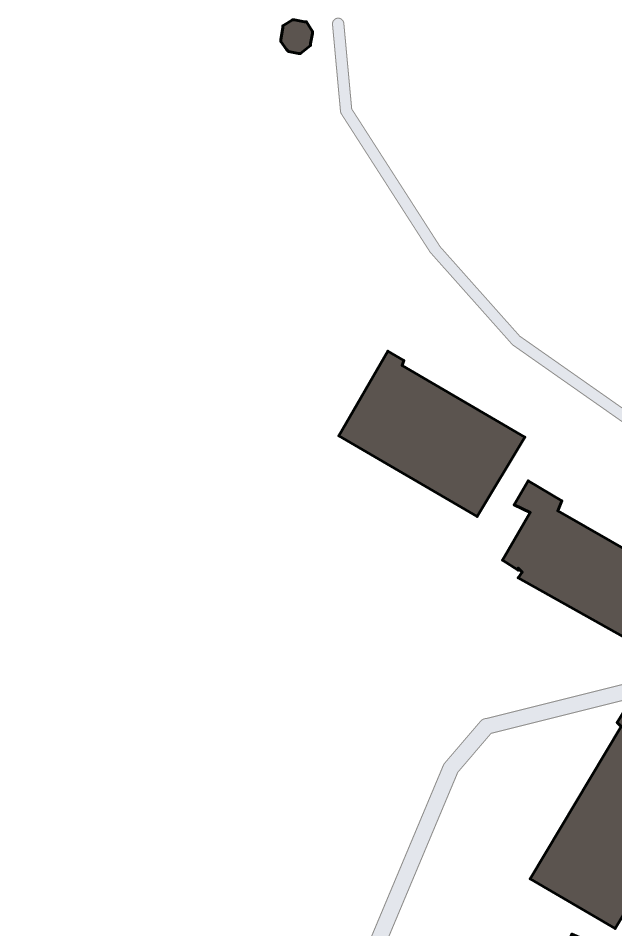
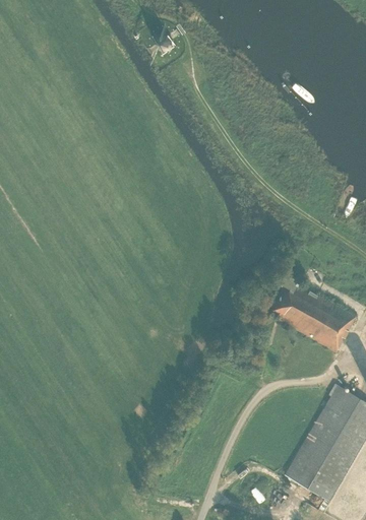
building: [339,351,525,517] -> none

